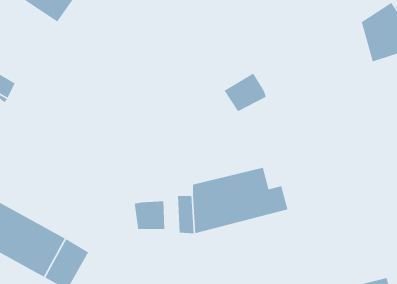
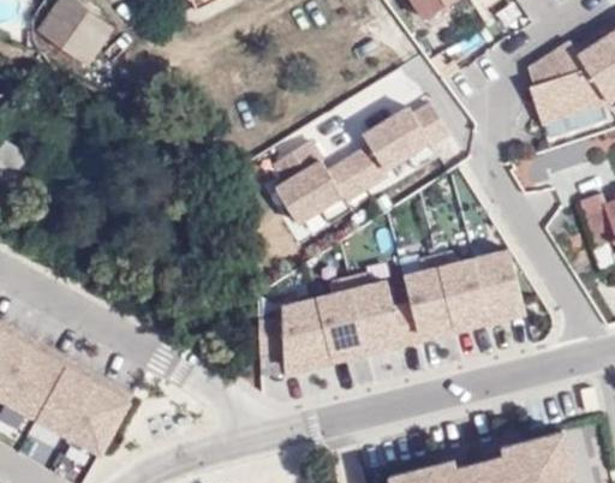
building: none -> [366,105,434,166]
building: none -> [271,142,347,221]
building: none -> [405,248,526,339]
building: [134,201,165,230] -> none

